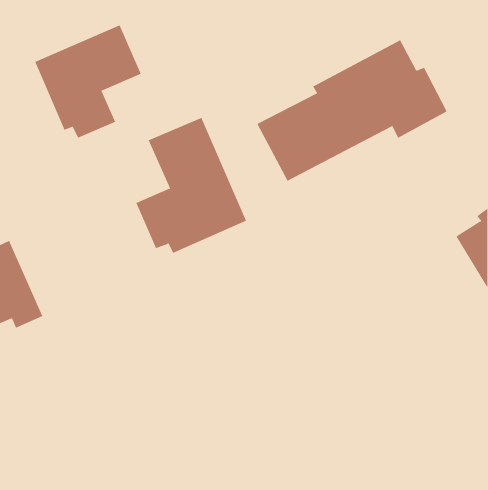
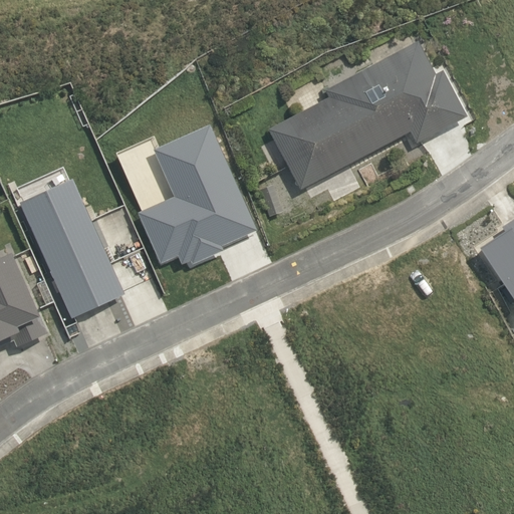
building: [35,24,142,139] -> none
building: none -> [20,179,123,318]

